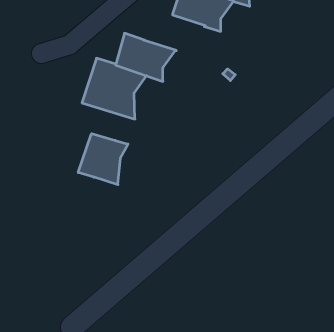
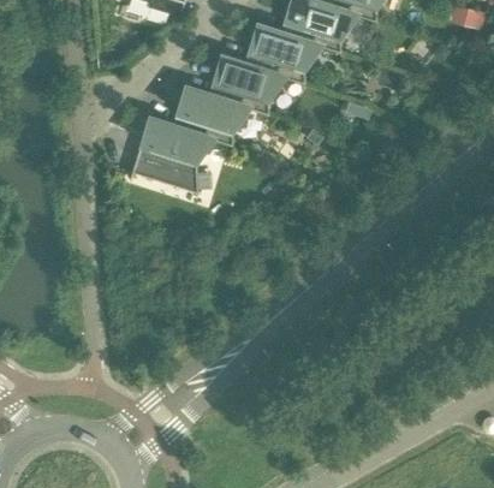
building: none -> [209,55,286,114]
building: [78,134,128,185] -> none

